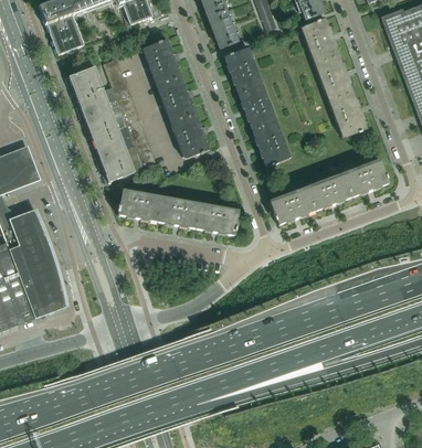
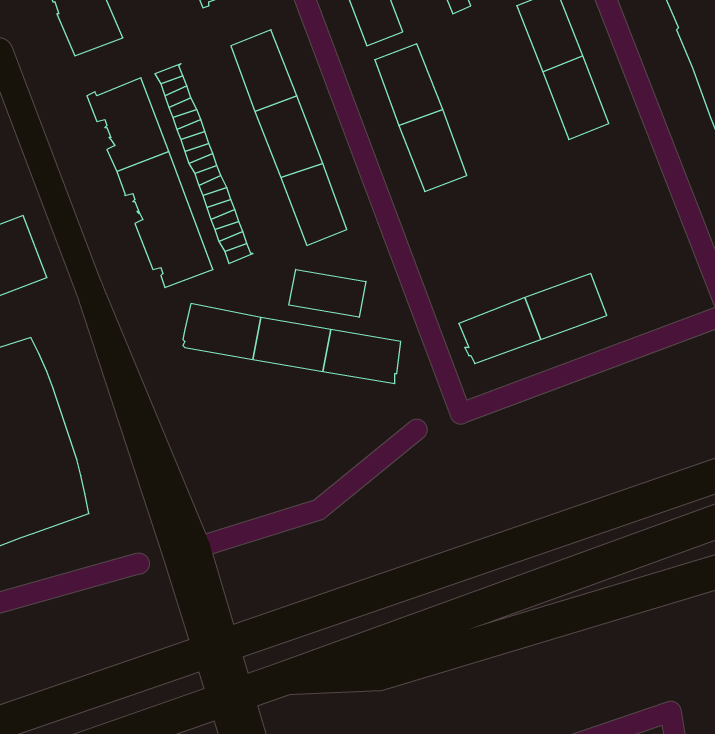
building: [331,92,367,137] -> none
building: [252,120,289,167] -> none
building: [344,160,390,198] -> none
building: none -> [289,269,366,317]

